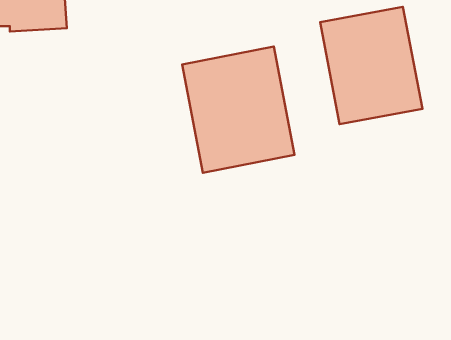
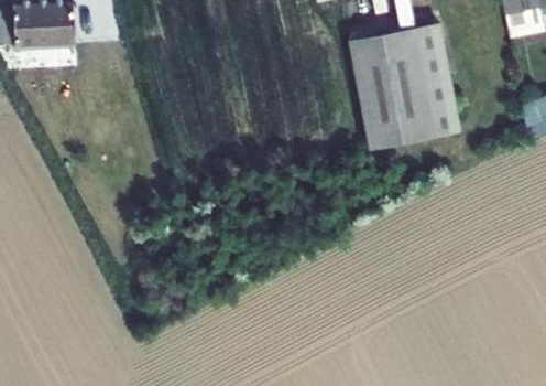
building: [182,47,294,173] -> none

